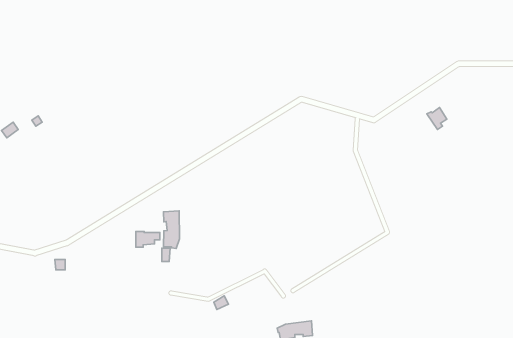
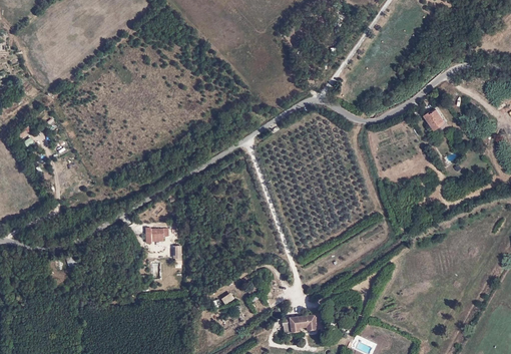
building: [164,211,179,248] -> none

